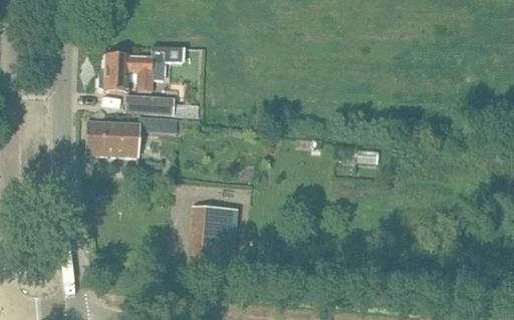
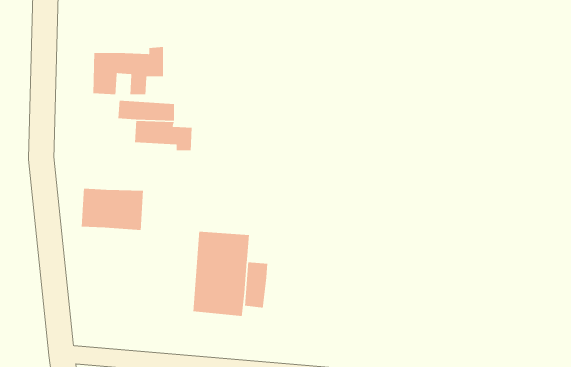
building: [85,120,139,156] -> [81,188,144,231]
building: none -> [244,262,268,308]

